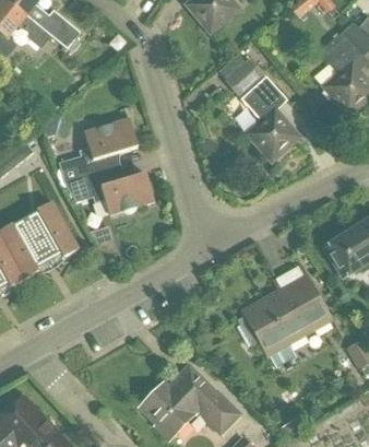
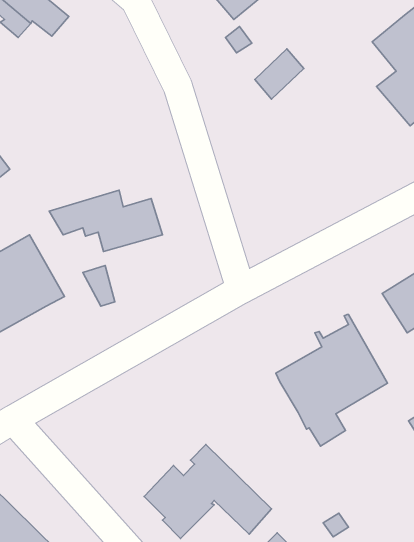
building: [240,75,300,163] -> none
building: [59,118,138,183] -> none

